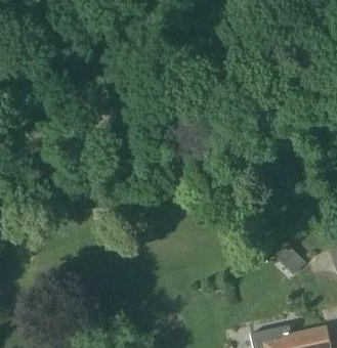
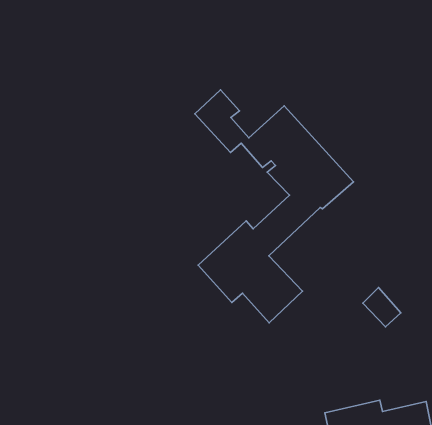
building: none -> [195,90,353,323]

